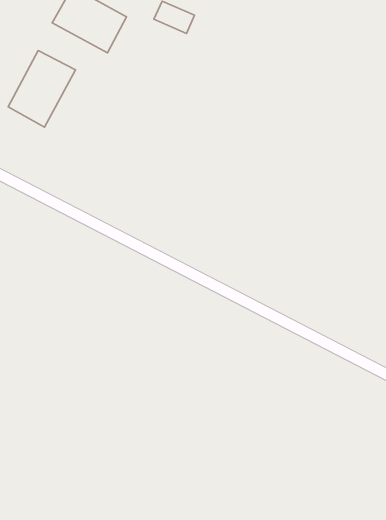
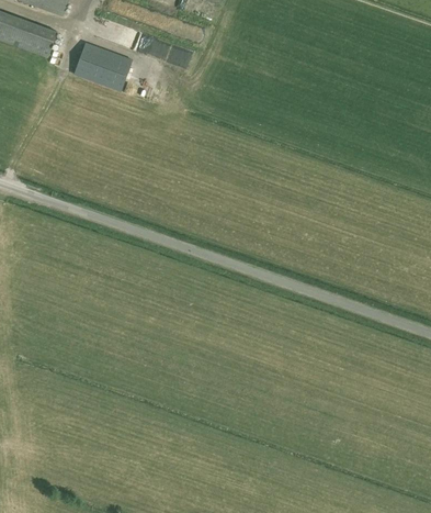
building: [8,50,75,127] -> none

